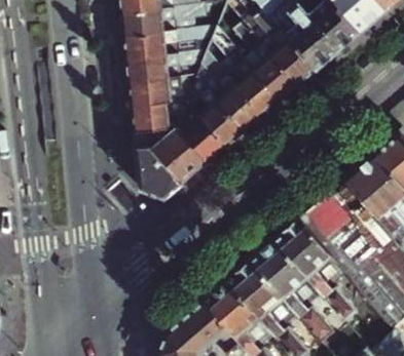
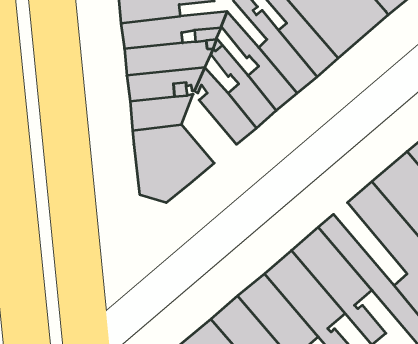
building: [177,102,225,162] -> none

